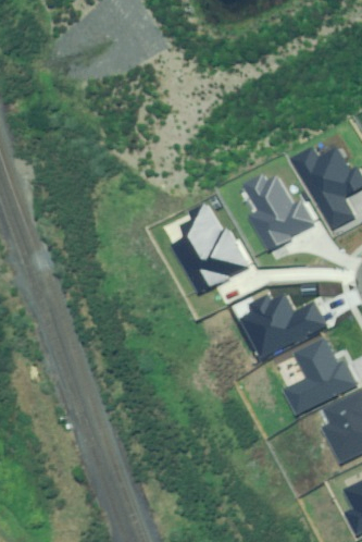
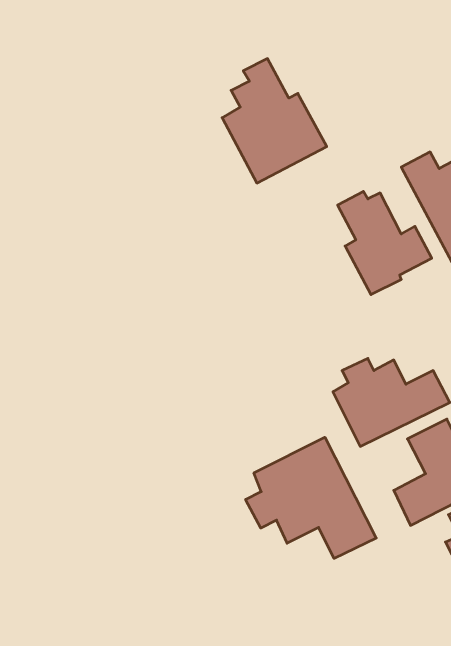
building: [176,201,251,291] -> [222,59,327,183]
building: none -> [246,437,376,558]

